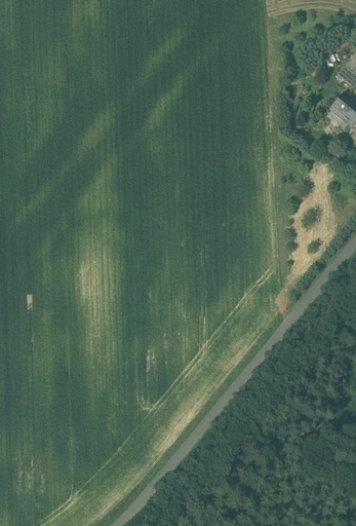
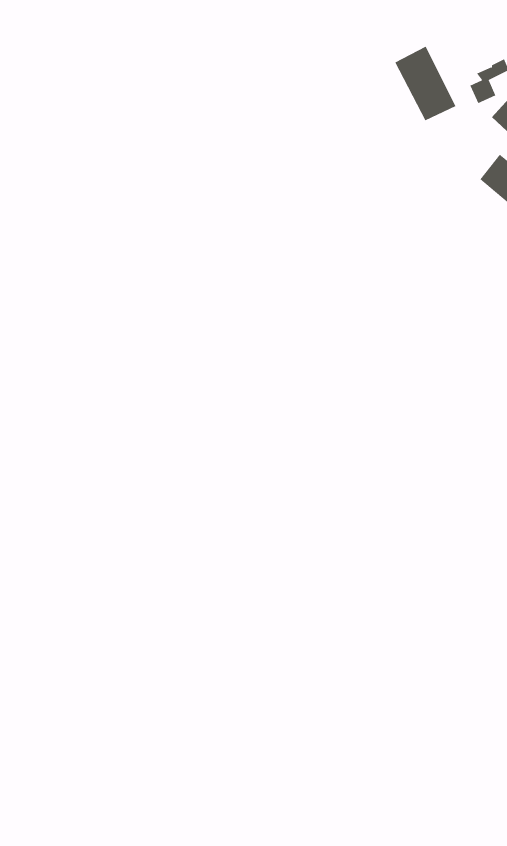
building: none -> [394,46,456,121]

